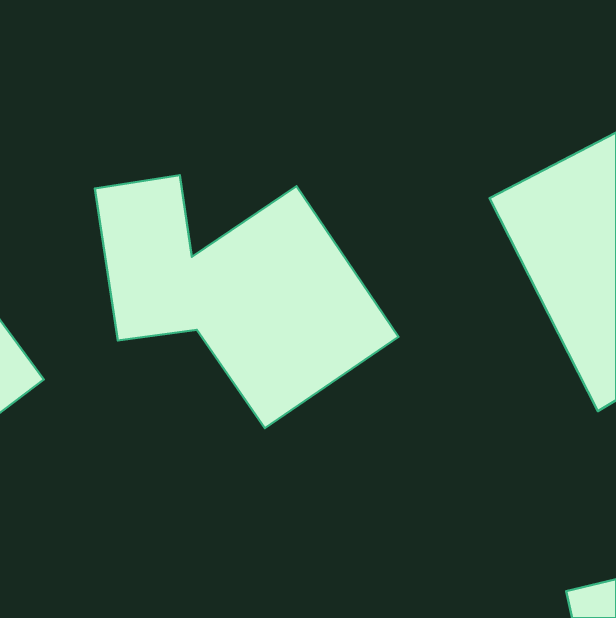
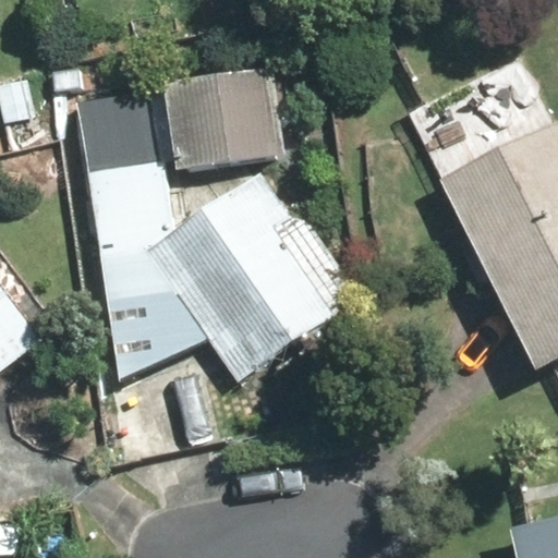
building: none -> [162,65,286,169]

